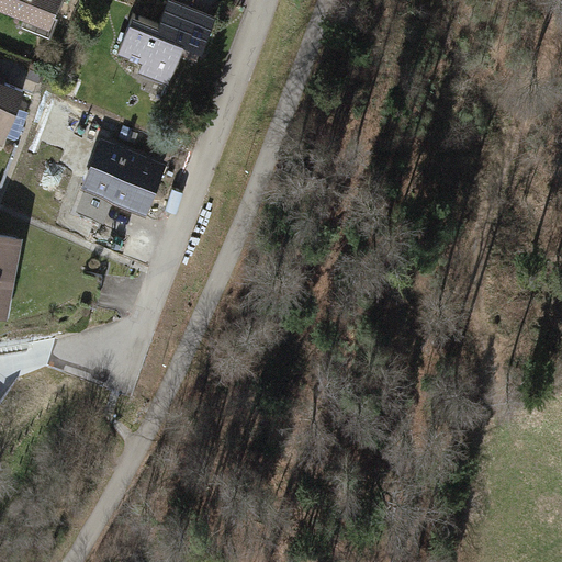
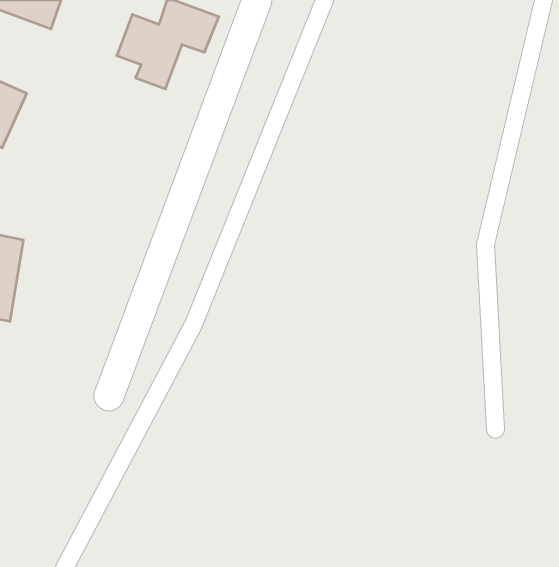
building: [78,139,166,216] -> none

